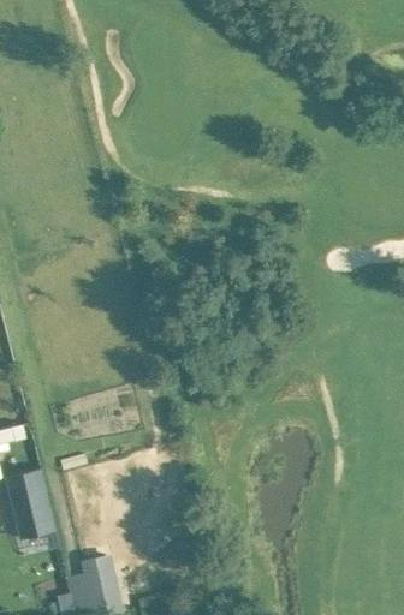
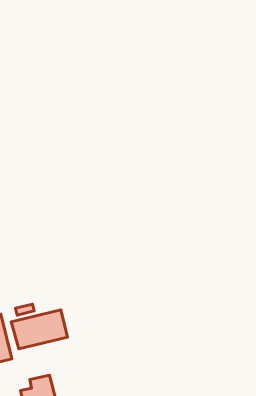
building: none -> [11,310,68,349]

